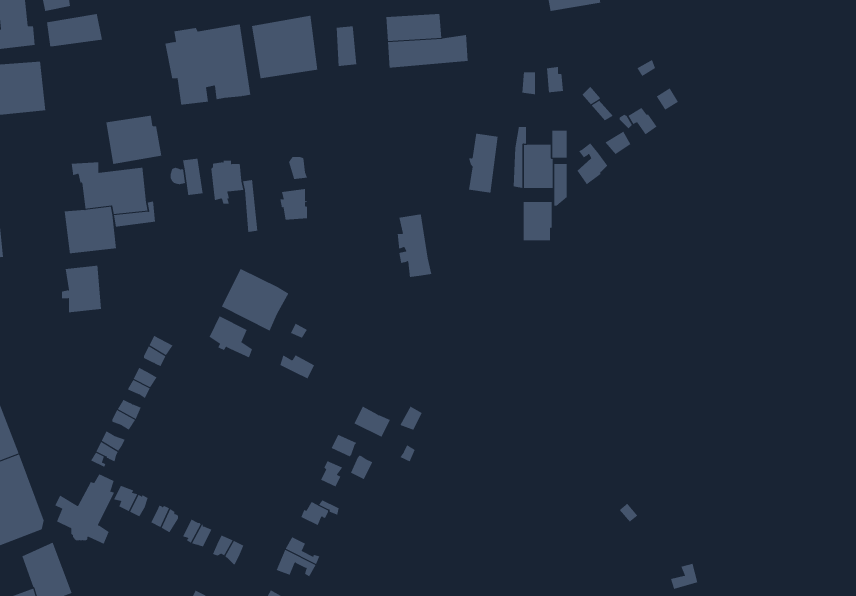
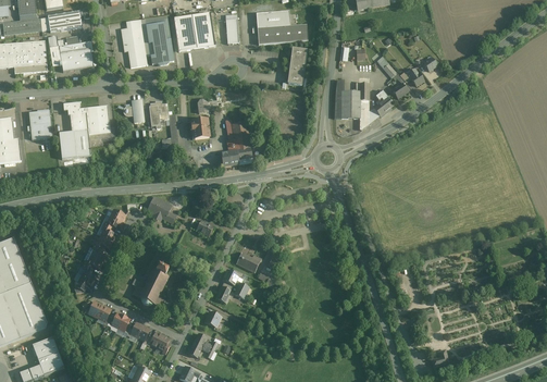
building: [106,115,162,165] -> [58,41,92,72]
building: [468,133,498,193] -> [287,48,306,85]
building: [523,201,552,241] -> none
building: [397,214,432,278] -> [229,121,251,160]
building: [61,265,102,313] -> [26,110,51,139]
building: [221,268,289,332] -> none
building: [55,474,116,544] -> [130,264,169,308]

